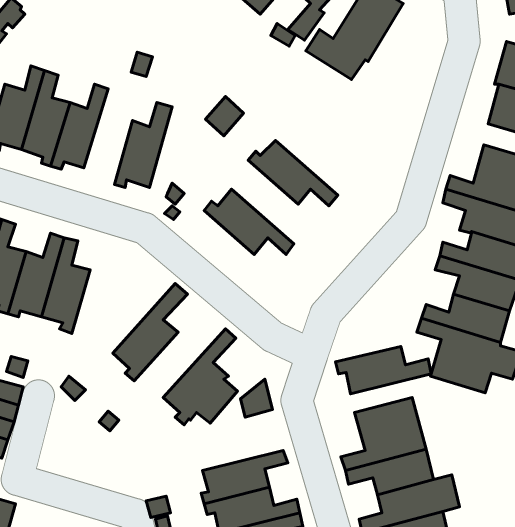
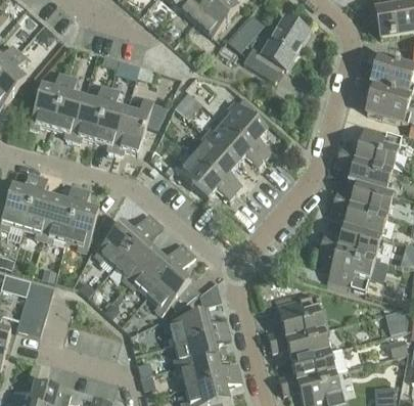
building: none -> [94,87,127,151]
building: none -> [223,97,271,159]
building: none -> [193,135,242,191]
building: none -> [94,212,155,265]
building: none -> [128,241,189,295]
building: [335,347,431,394] -> [164,312,228,344]

